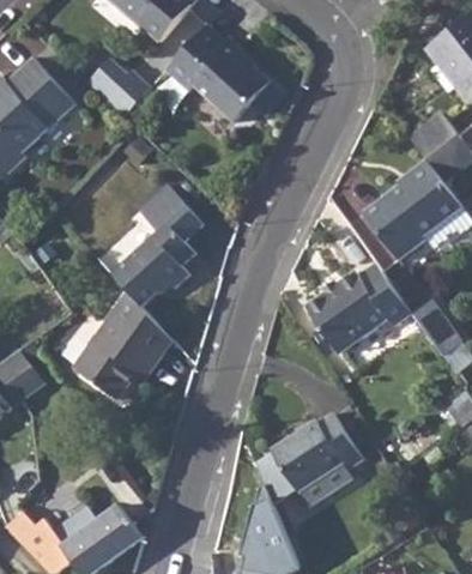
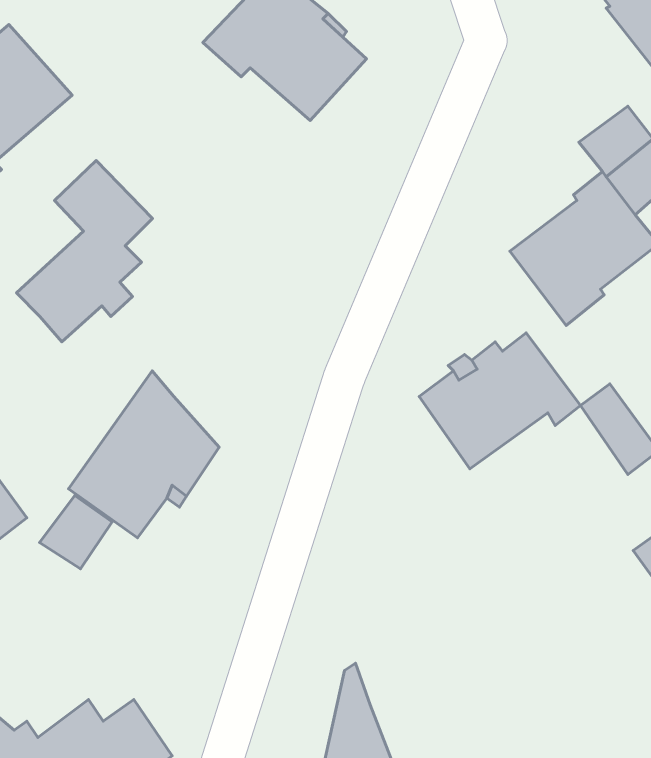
building: [85,59,147,116] -> none
building: [113,185,202,304] -> [16,160,153,342]
building: none -> [40,496,112,569]
building: [255,415,363,508] -> none

